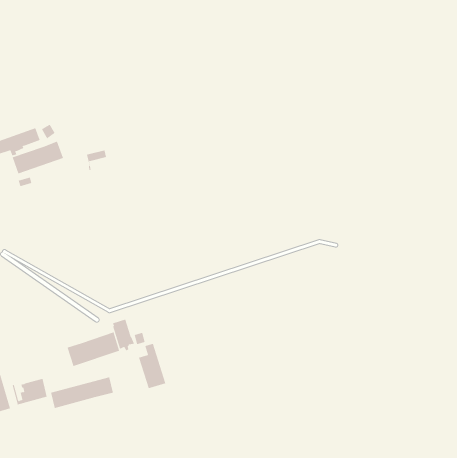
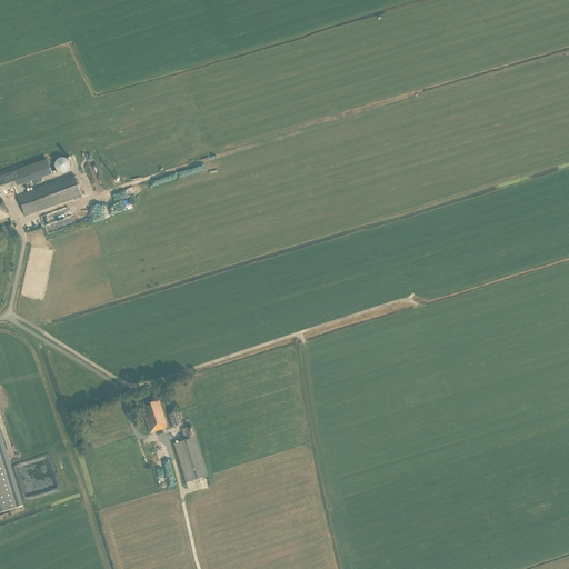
building: [67,332,120,367] -> none
building: [50,377,113,409] -> none

